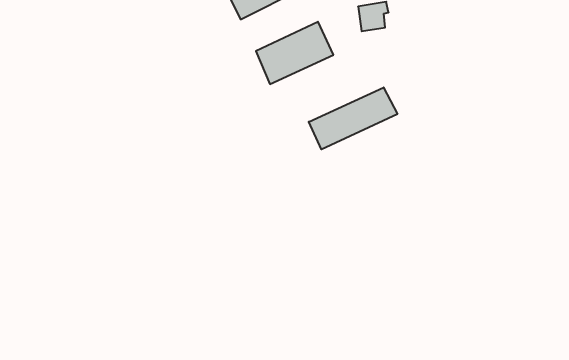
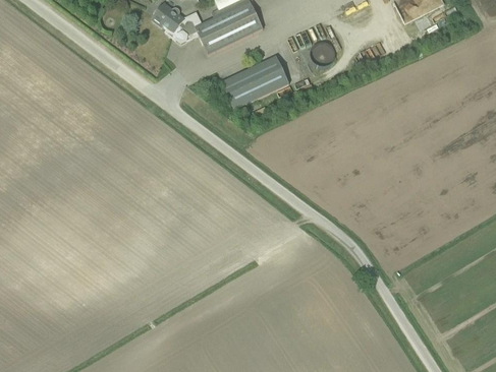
building: [309,87,397,149] -> none

